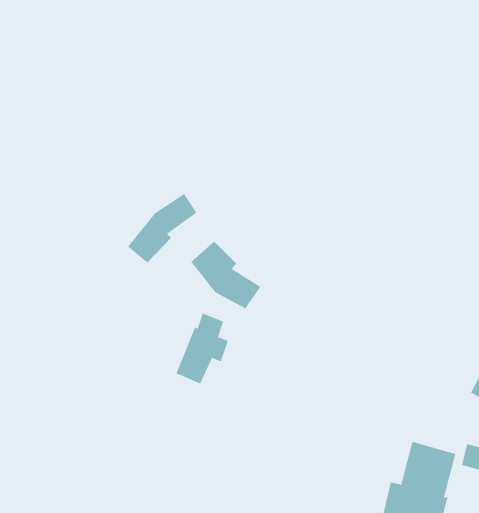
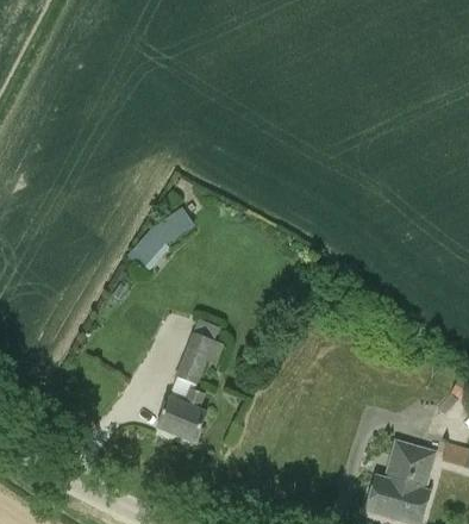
building: [191,241,261,309] -> none
building: none -> [156,387,207,443]

